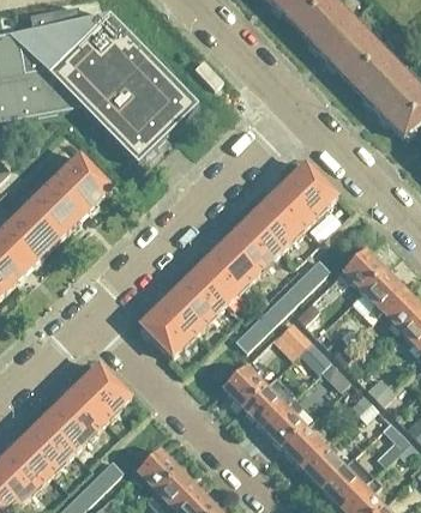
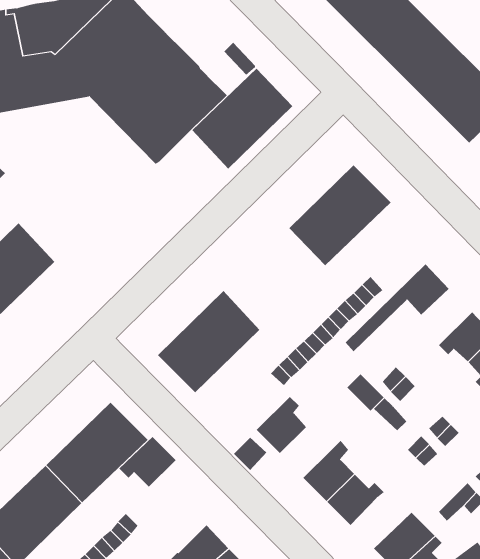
building: [22,153,113,243] -> none
building: [196,215,282,301] -> [192,68,293,170]
building: [353,266,407,320] -> none
building: [273,319,311,356] -> none
building: [243,384,287,427] -> none
building: [303,443,347,487] -> none
building: [132,446,181,490] -> [119,436,176,488]

